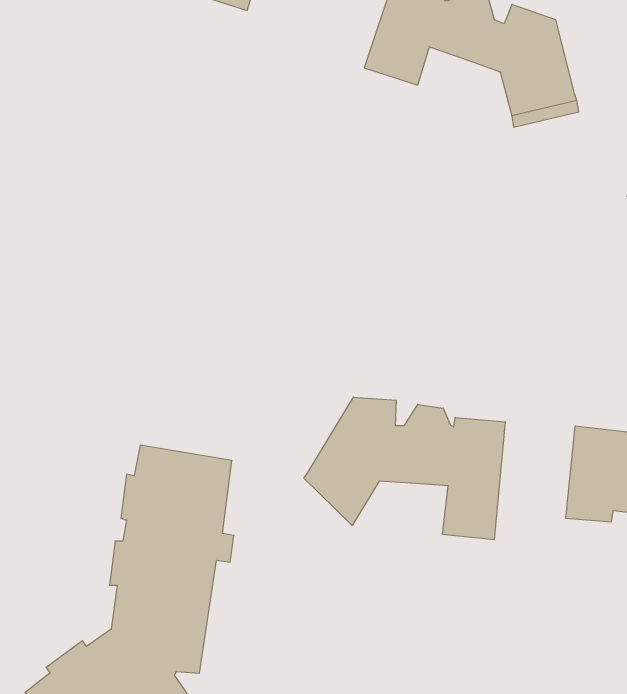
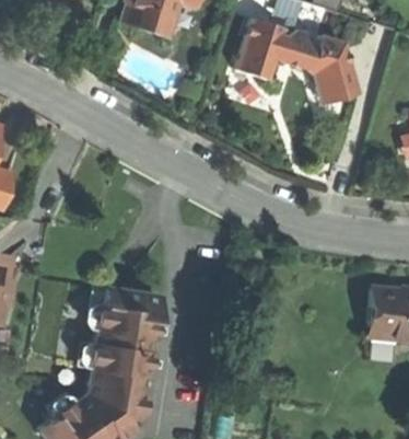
building: [304,397,505,540] -> none

